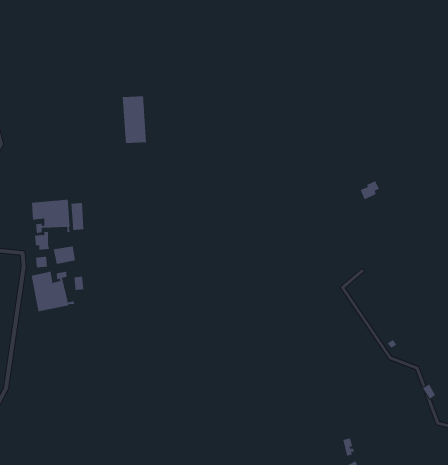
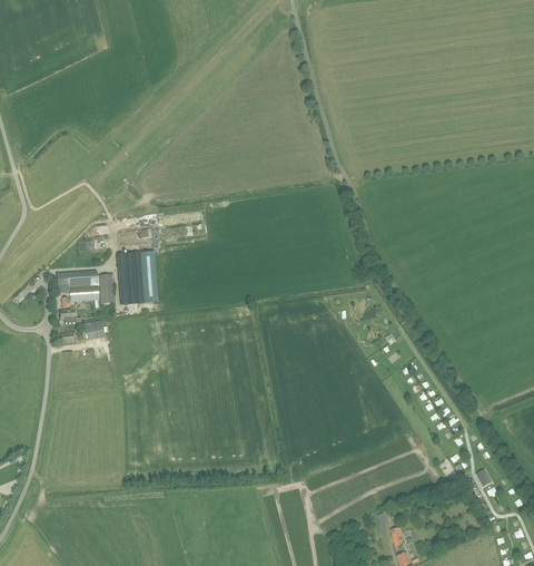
building: [122,96,147,144] -> [119,251,146,302]
building: [31,271,75,312] -> none

